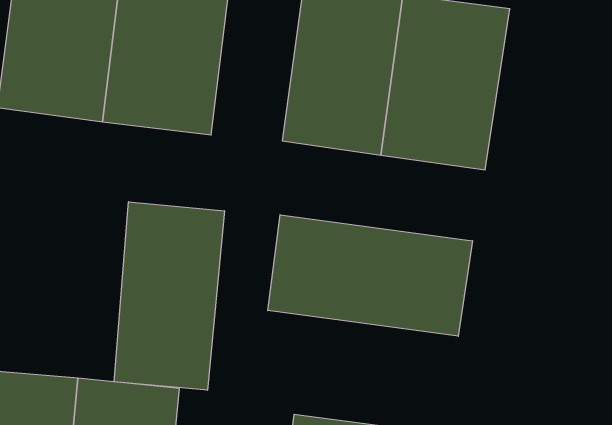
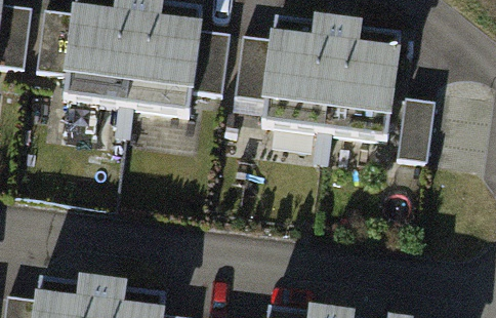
building: [114,202,224,390] -> none
building: [268,215,472,336] -> none

